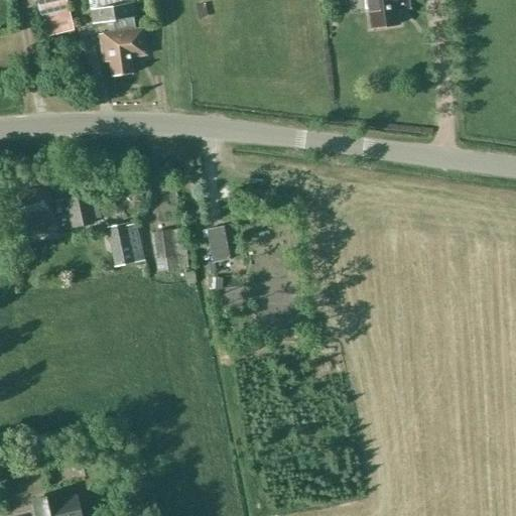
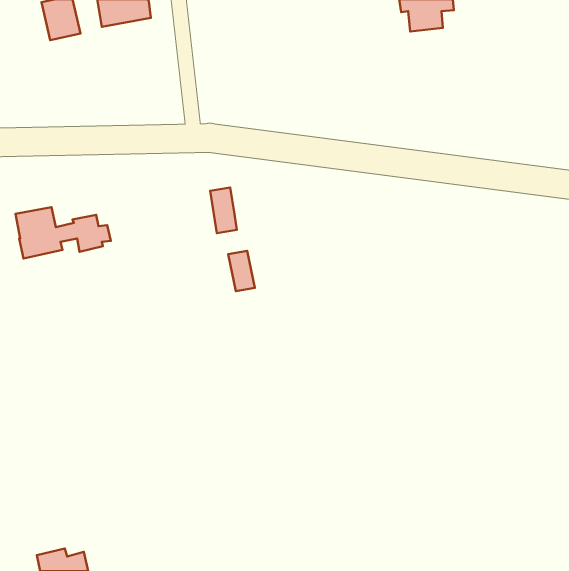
building: [101,27,147,76] -> none
building: [108,222,138,264] -> none
building: [154,230,178,271] -> [210,187,237,233]

